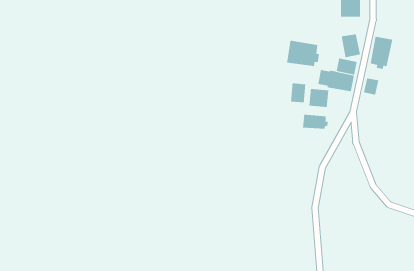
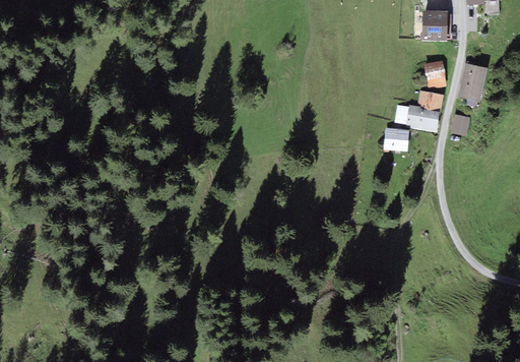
building: [286,40,320,67] -> none
building: [291,83,306,103] -> none
building: [302,114,328,130] -> none

